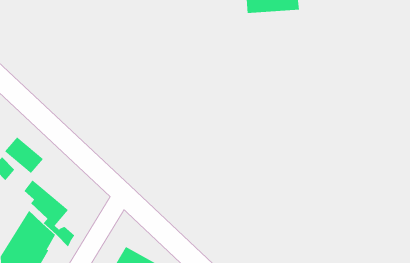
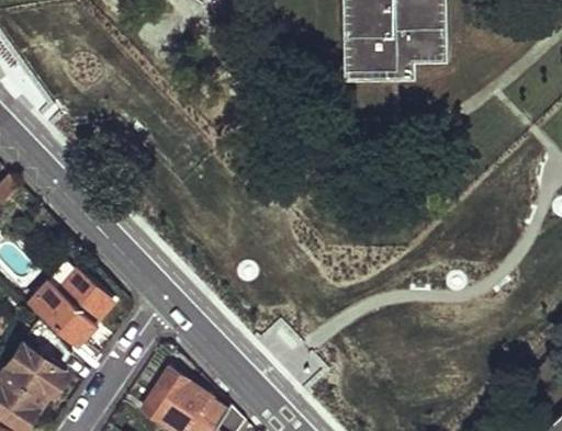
building: [4,137,44,174] -> [61,271,113,321]

